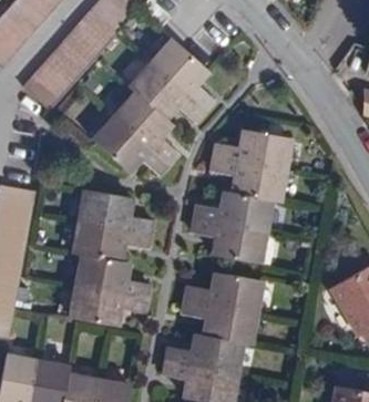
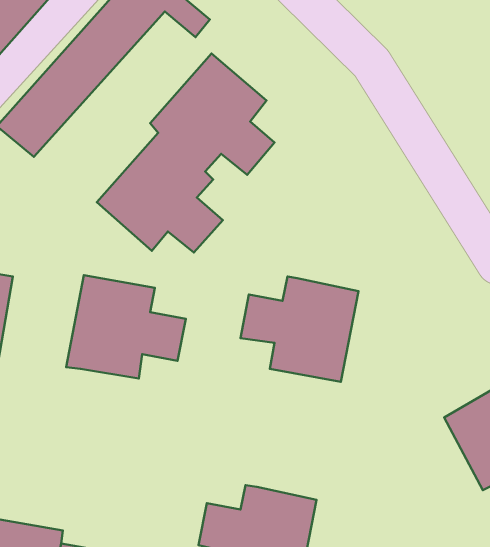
building: [209,130,290,204] -> none
building: [70,255,150,326] -> none
building: [181,272,263,346] -> none

